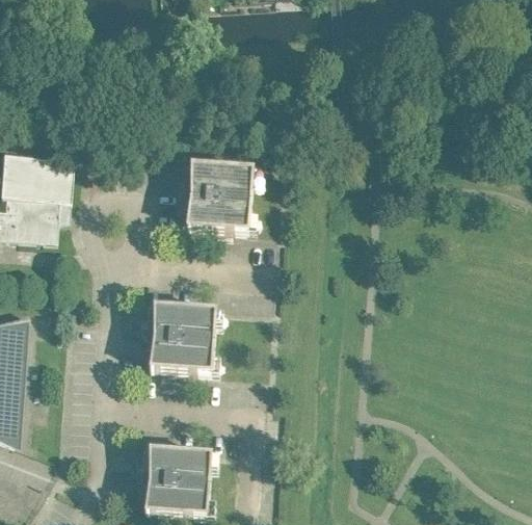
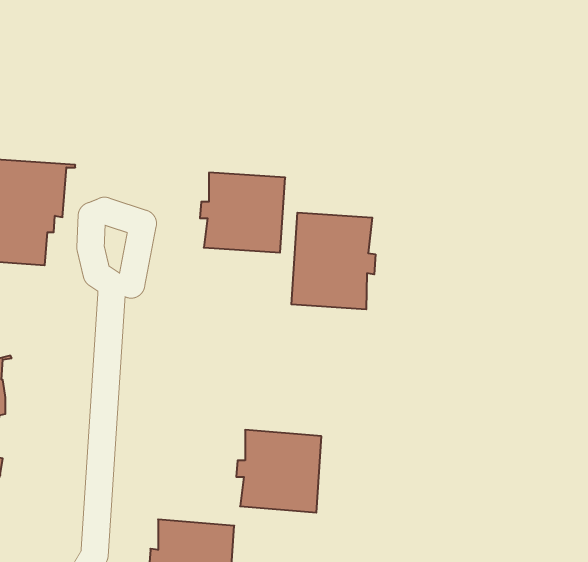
building: none -> [291,213,375,309]
building: [145,303,215,370] -> [236,430,321,513]

